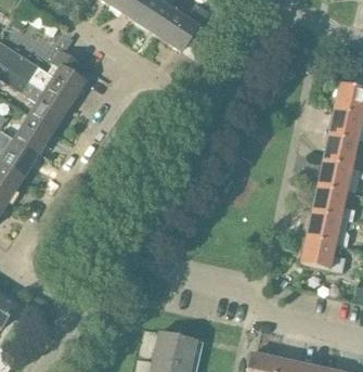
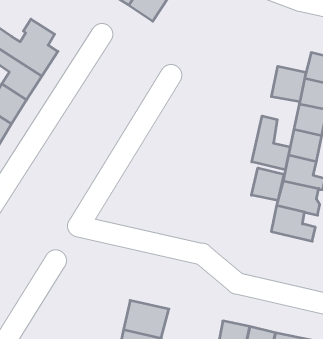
building: none -> [271,66,306,102]
building: none -> [252,116,290,170]
building: none -> [251,168,284,201]

